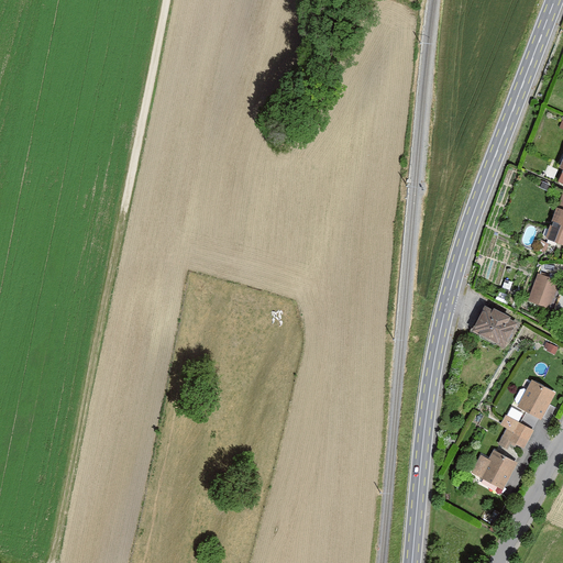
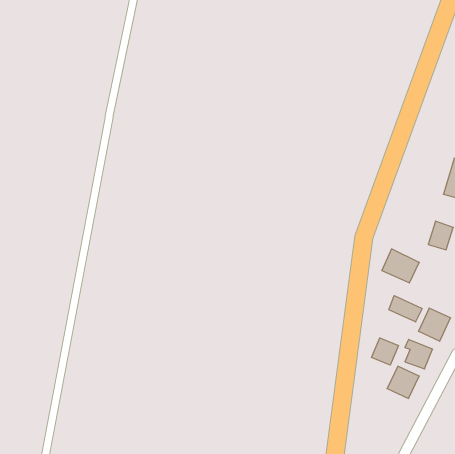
building: none -> [389,296,422,322]
building: none -> [371,338,398,365]

